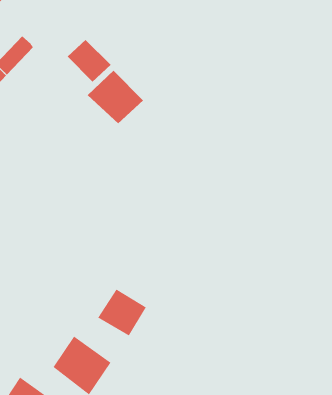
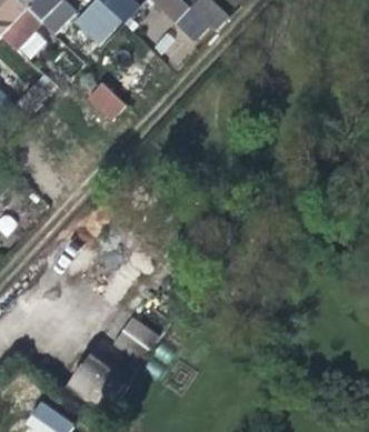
building: [87,70,144,124] -> none

